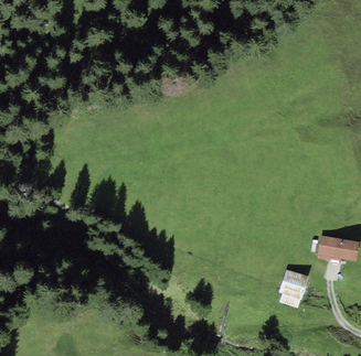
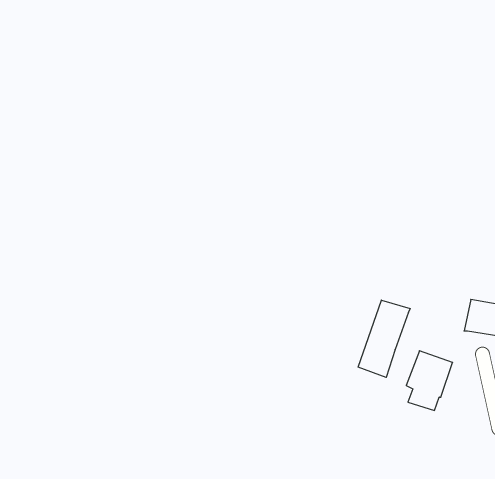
building: none -> [358,300,410,377]

